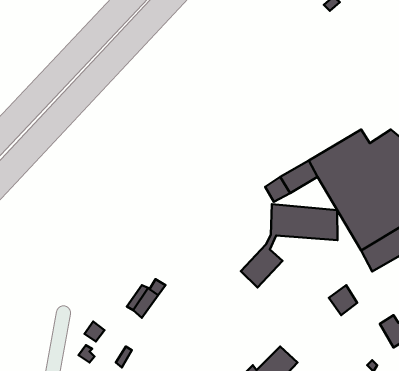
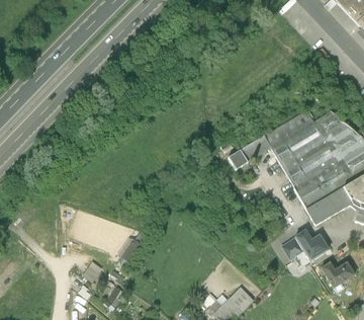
building: [241,204,337,288] -> none
building: none -> [294,229,331,262]

